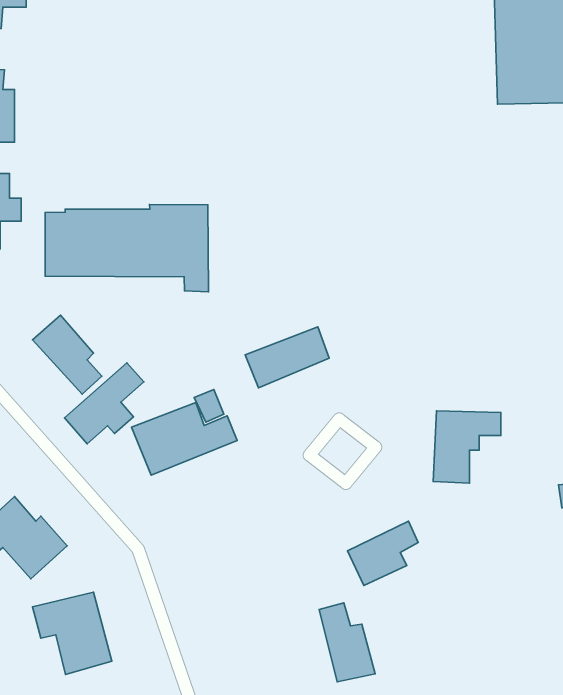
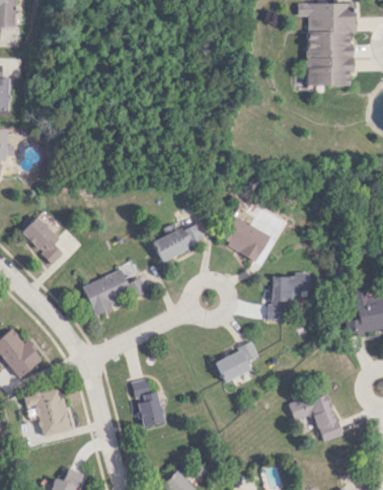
building: [45,204,209,292] -> none
building: none -> [221,216,271,260]
building: [64,363,144,444] -> none
building: none -> [289,393,342,442]
building: [319,603,375,682] -> [132,378,166,427]

